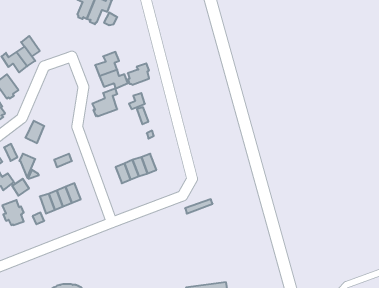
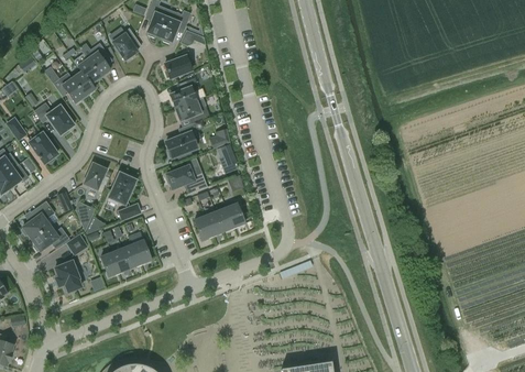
building: none -> [112,26,138,59]
building: none -> [87,43,111,76]
building: [128,63,149,85] -> [164,51,190,77]
building: none -> [165,165,207,192]
building: none -> [107,172,135,204]

